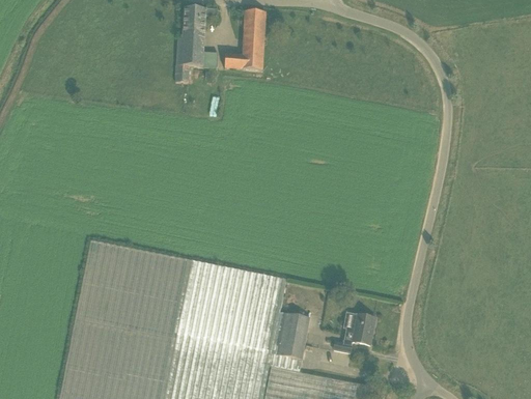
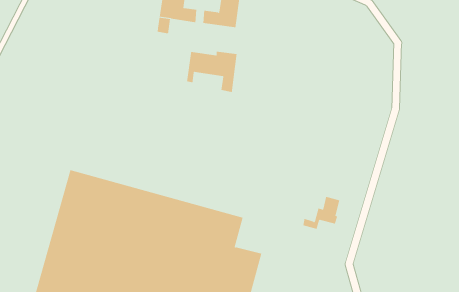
building: none -> [187,51,237,93]
building: [334,315,373,352] -> [302,196,340,229]

